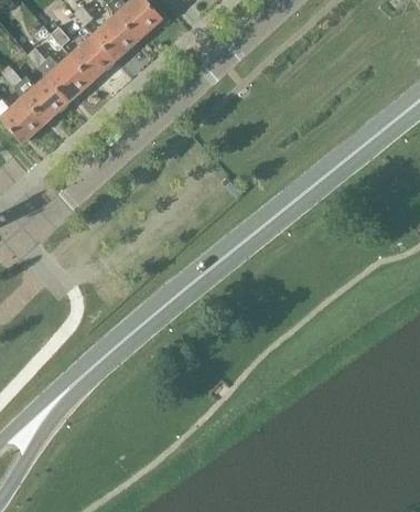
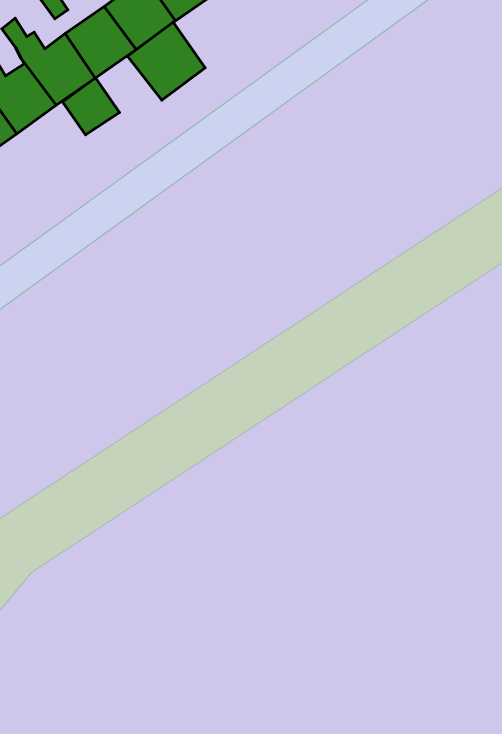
building: none -> [128,22,205,100]
building: none -> [63,78,120,135]

